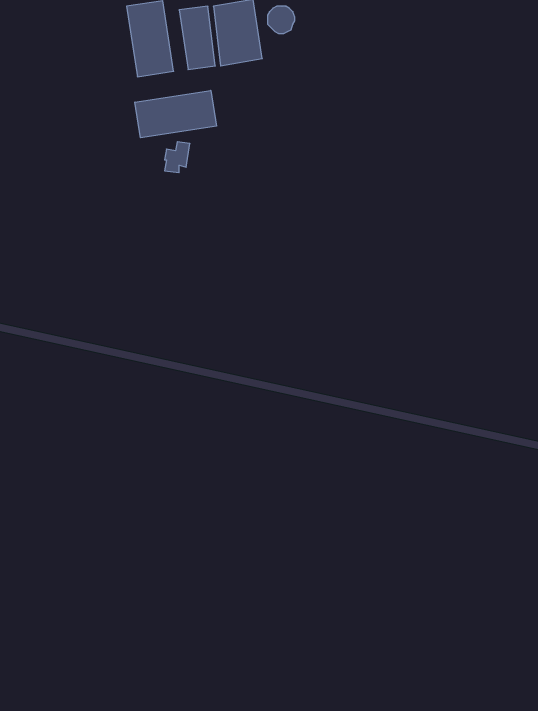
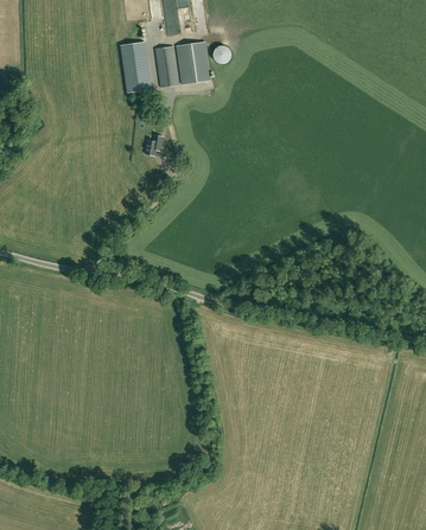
building: [135,90,216,138] -> none

